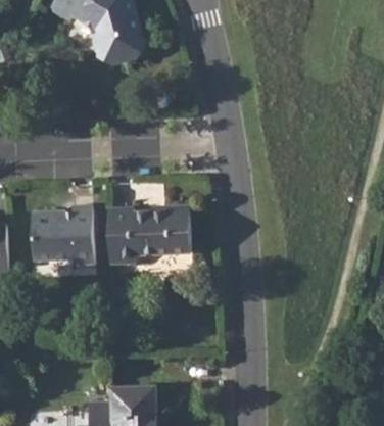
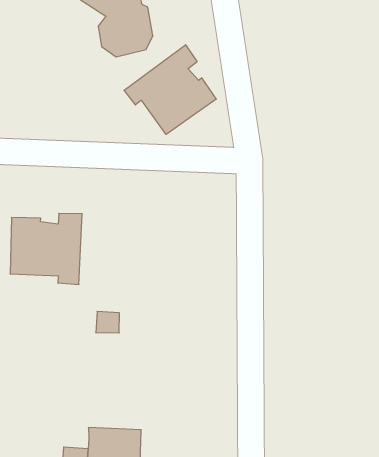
building: none -> [124,45,216,134]
building: [108,207,193,264] -> none

